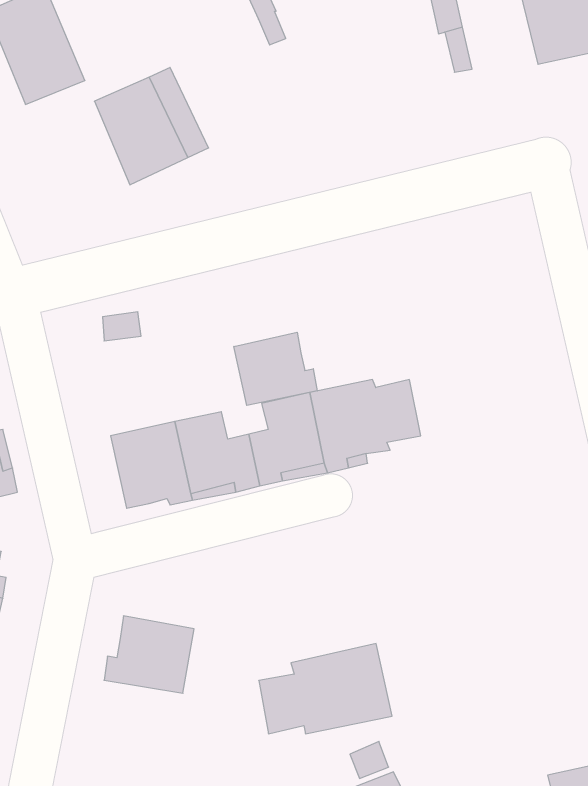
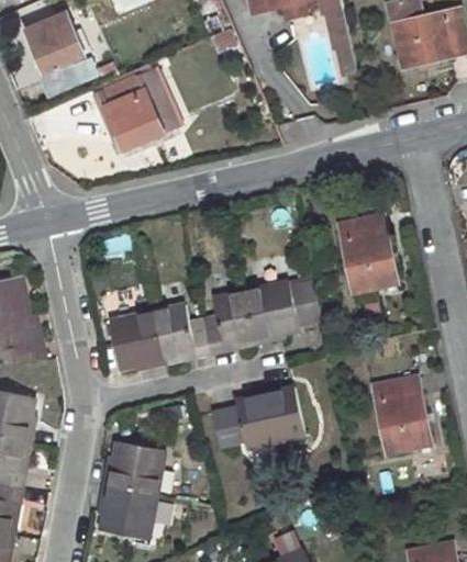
building: none -> [340,215,397,292]
building: [234,332,317,405] -> none
building: none -> [374,376,430,452]
building: [259,644,392,734] -> [213,386,304,448]
building: none -> [101,486,158,540]

